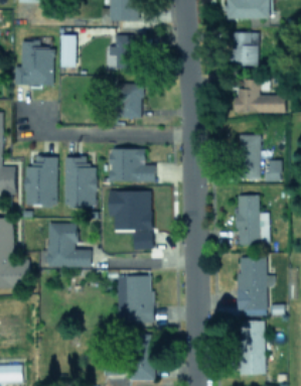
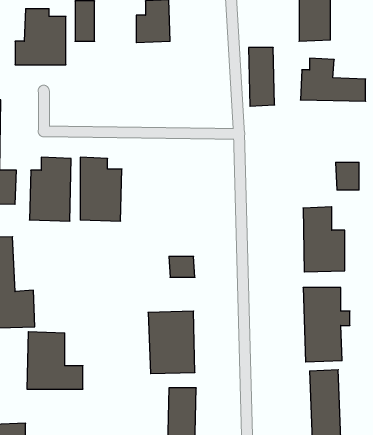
building: [118,84,143,118] -> none
building: [241,135,261,180] -> [249,48,275,106]
building: [110,148,155,181] -> none
building: [109,190,151,230] -> none
building: [47,223,91,267] -> [27,332,83,389]

